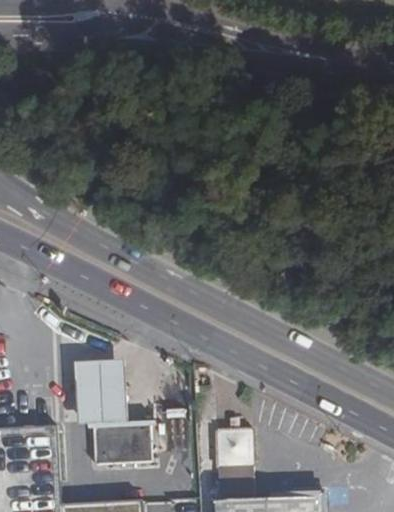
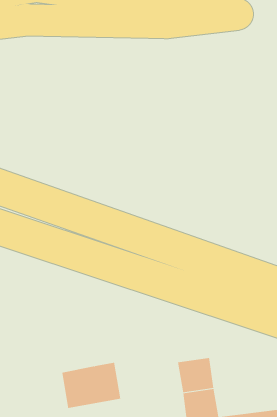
building: [75,360,127,426] -> none

